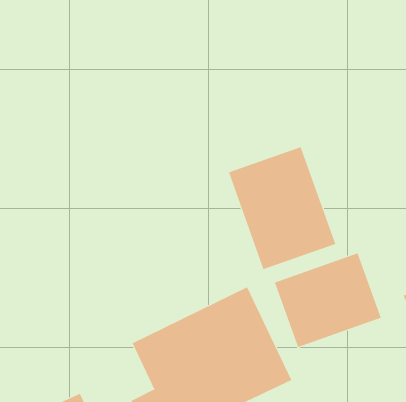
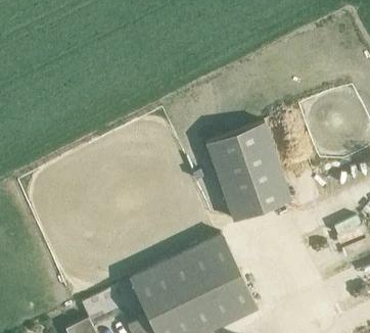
building: [274,253,381,348] -> none

